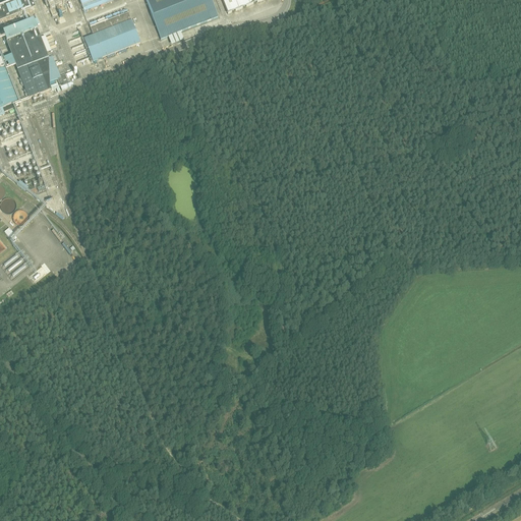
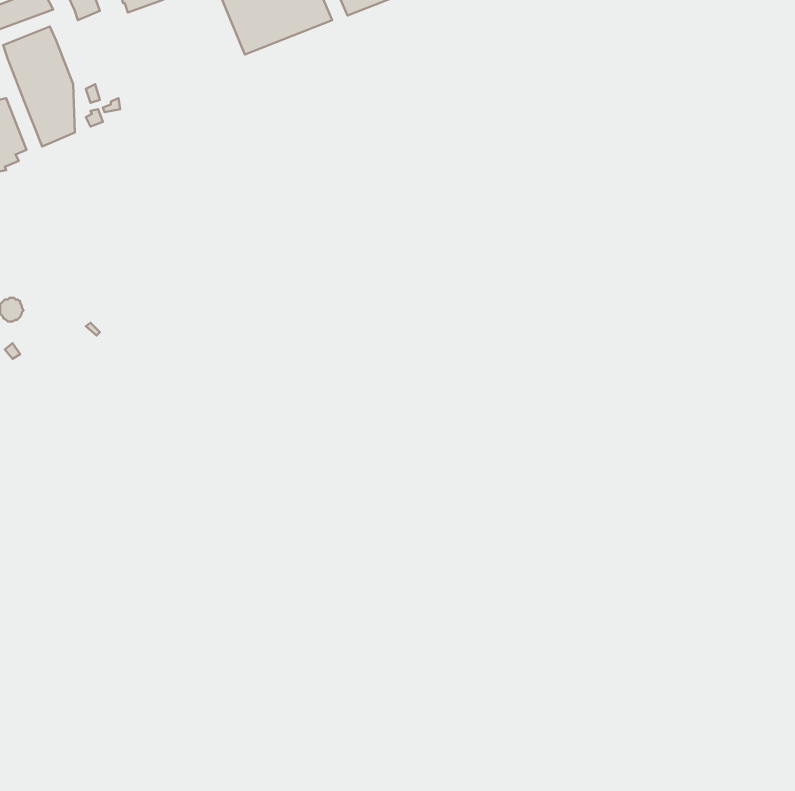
building: [82,9,139,58] -> none

